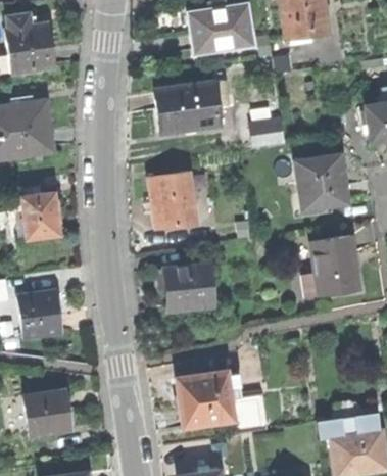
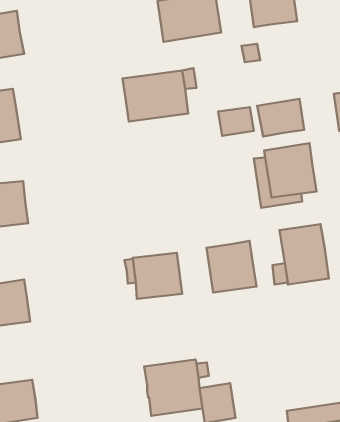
building: none -> [257,99,304,136]
building: [150,172,197,228] -> none
building: none -> [207,241,257,293]

